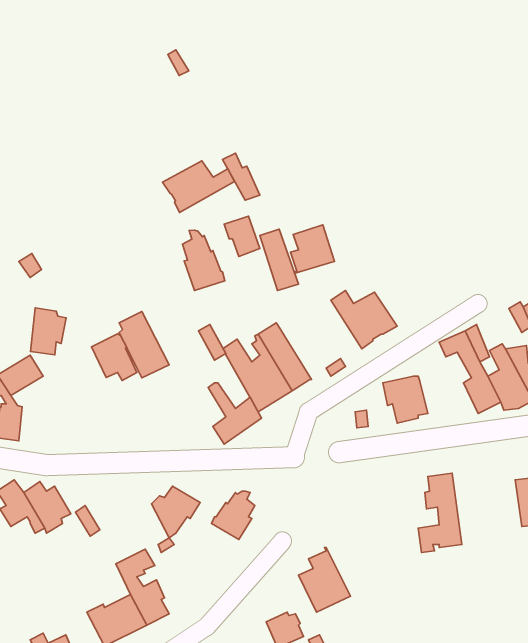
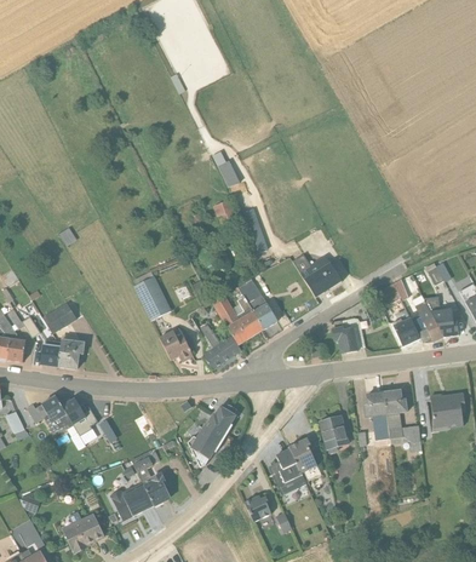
building: [163,161,234,212] -> none
building: [291,225,335,273] -> none
building: [183,230,225,290] -> none
building: [30,308,66,355] -> [58,333,85,368]
building: [91,334,137,381] -> [159,326,193,361]
building: none -> [383,388,421,451]
building: [152,486,200,538] -> [187,428,223,466]
building: none -> [319,415,348,452]
building: none -> [288,437,321,480]

